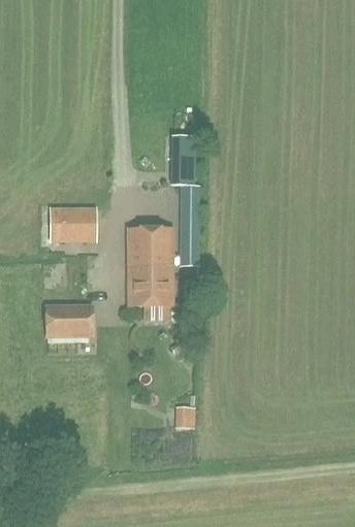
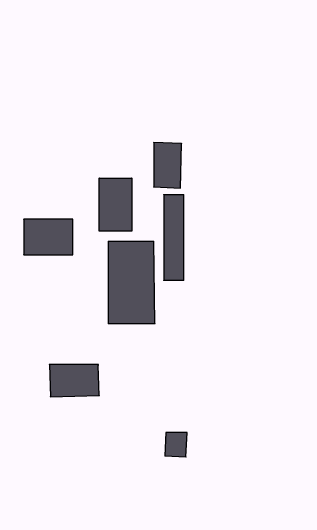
building: none -> [99,178,132,231]
building: [45,305,92,335] -> [49,364,99,397]

